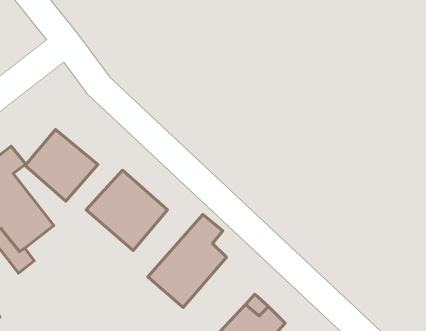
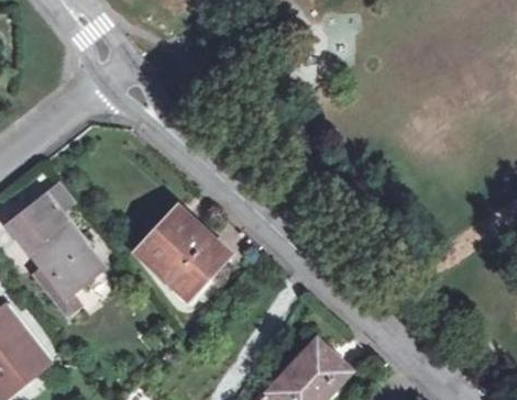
building: [25,130,98,201] -> none
building: [148,215,226,307] -> none

